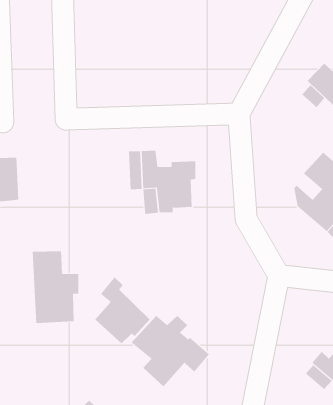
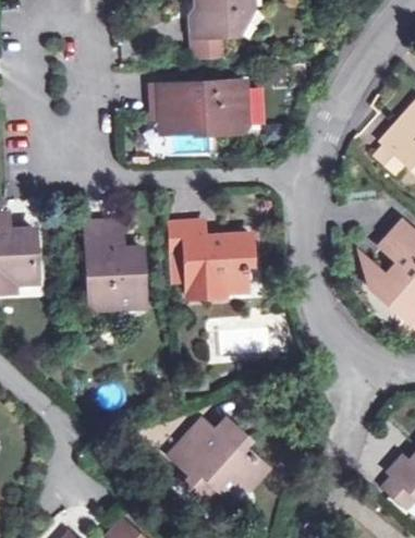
building: none -> [159,84,246,135]
building: [32,251,79,323] -> [86,223,143,310]
building: [94,277,151,344] -> none

